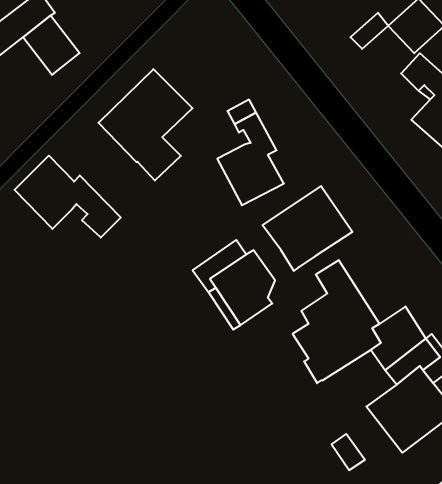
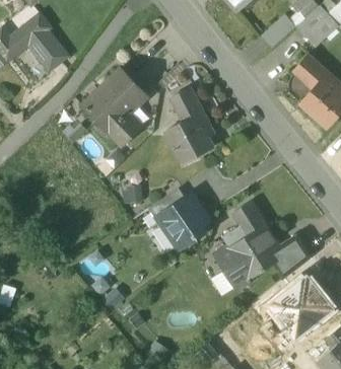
building: [15,156,121,238] -> none
building: [263,186,352,271] -> none

